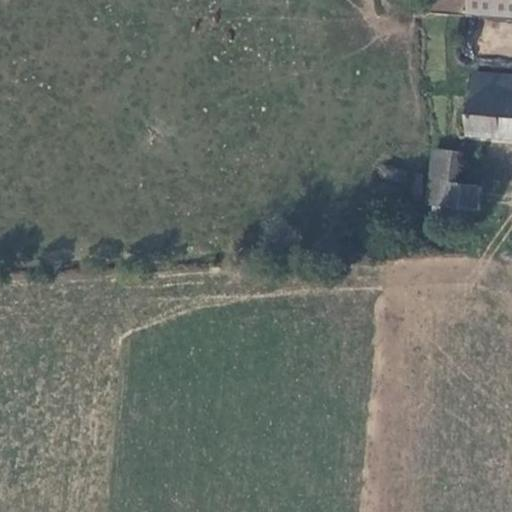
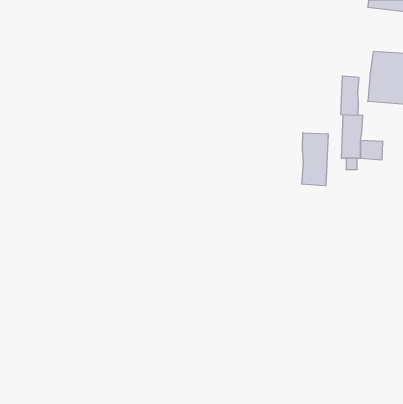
building: none -> [341,76,359,115]
building: none -> [302,133,328,186]

